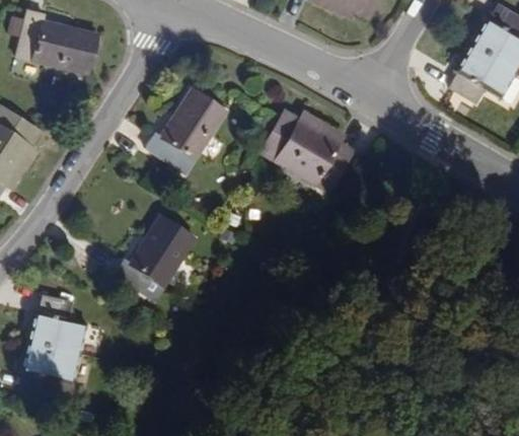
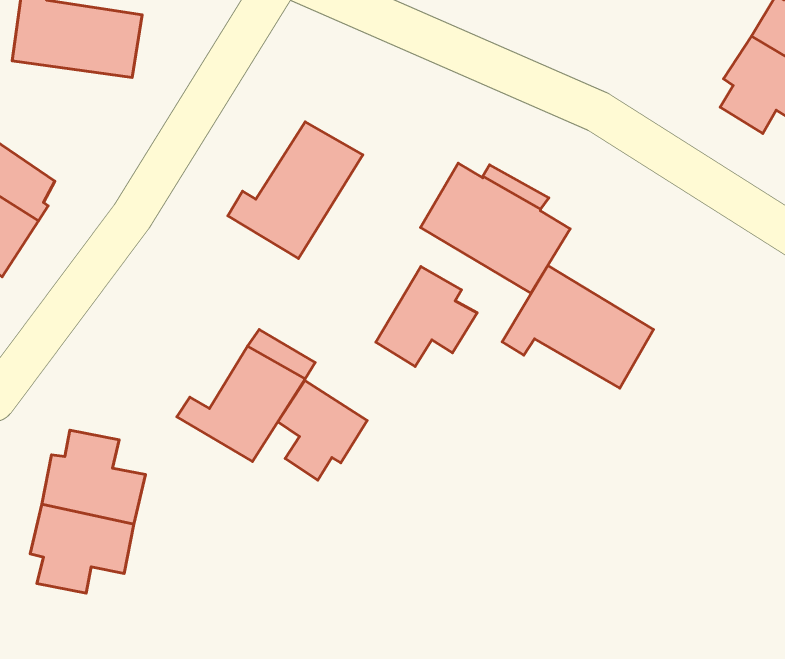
building: none -> [502,266,654,388]
building: none -> [376,267,477,366]
building: none -> [278,381,367,480]

